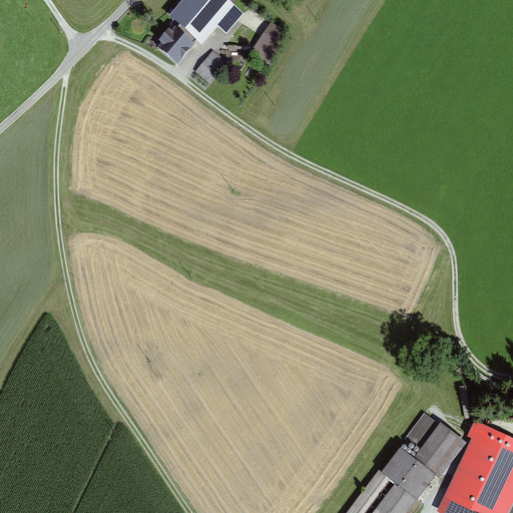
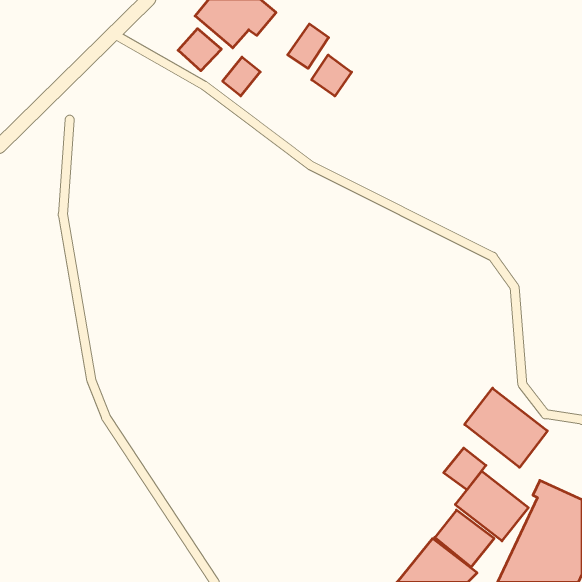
building: none -> [312,55,352,96]
building: none -> [465,388,547,467]
building: none -> [444,448,486,490]

